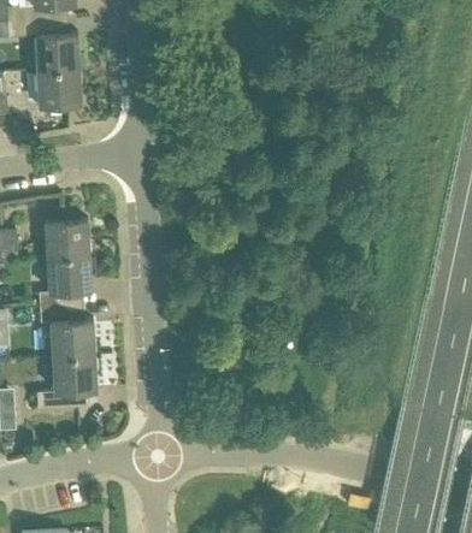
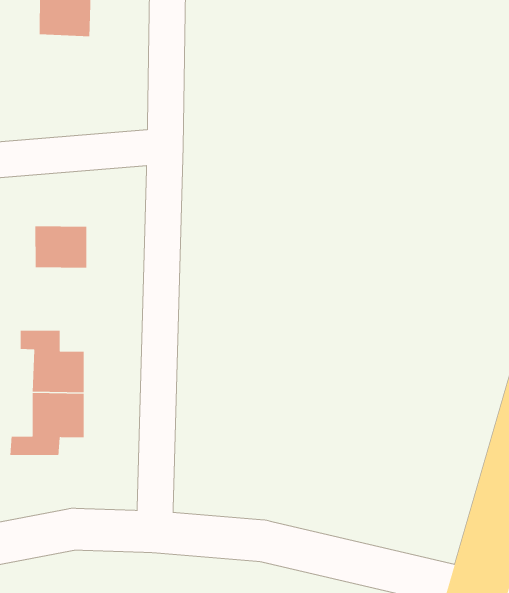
building: [37,69,81,105] -> none
building: [39,254,90,307] -> none

